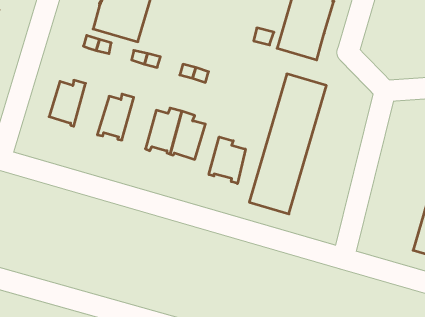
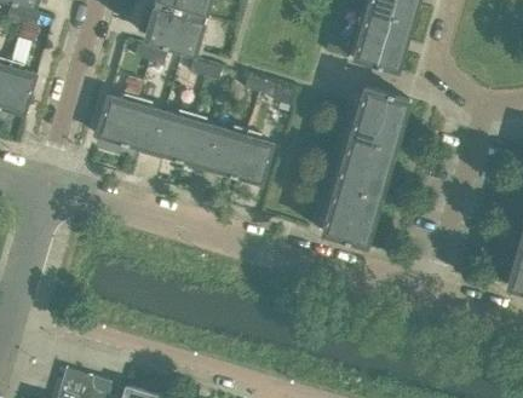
building: none -> [122,98,162,156]
building: none -> [177,114,215,172]
building: [209,137,245,184] -> none

